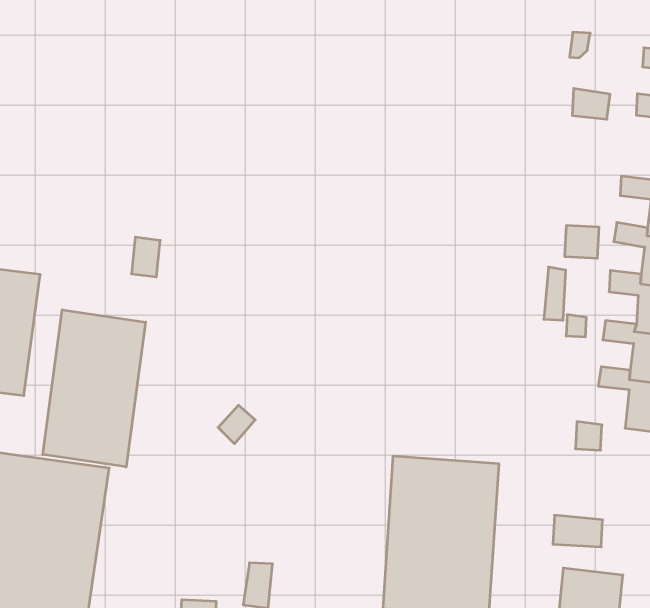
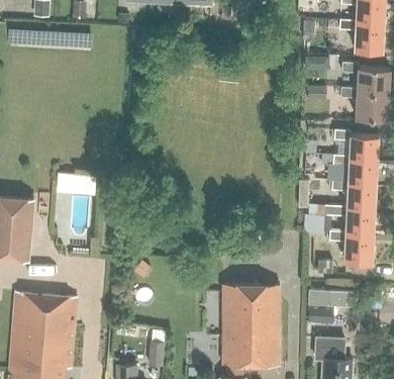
building: [43,310,146,467] -> none
building: none -> [309,290,340,307]

